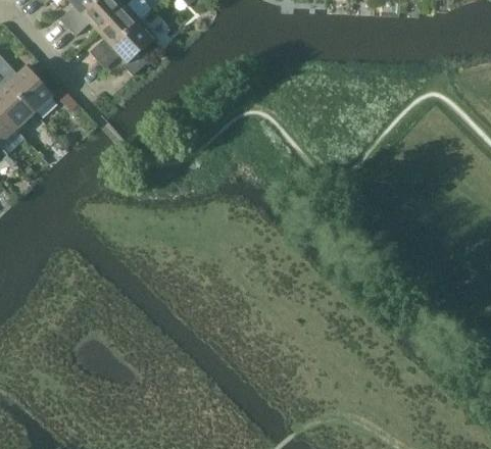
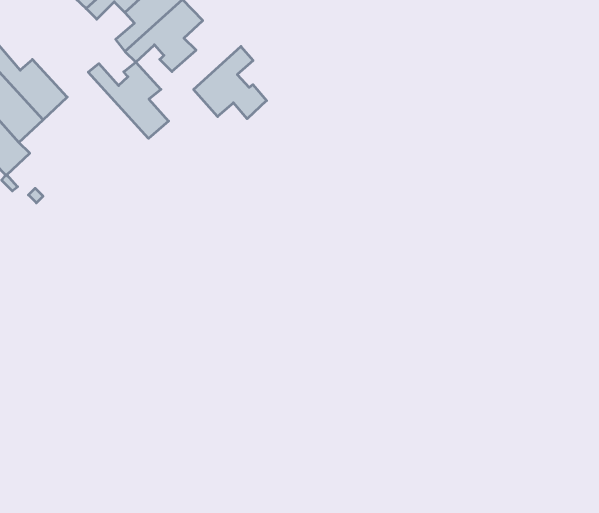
building: none -> [194,46,267,119]
building: none -> [88,62,169,138]

